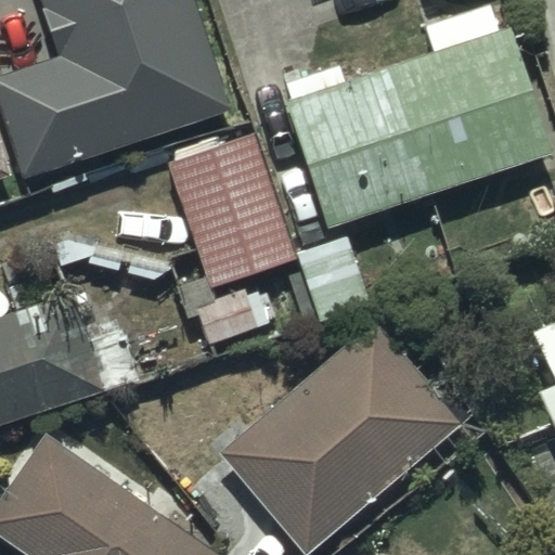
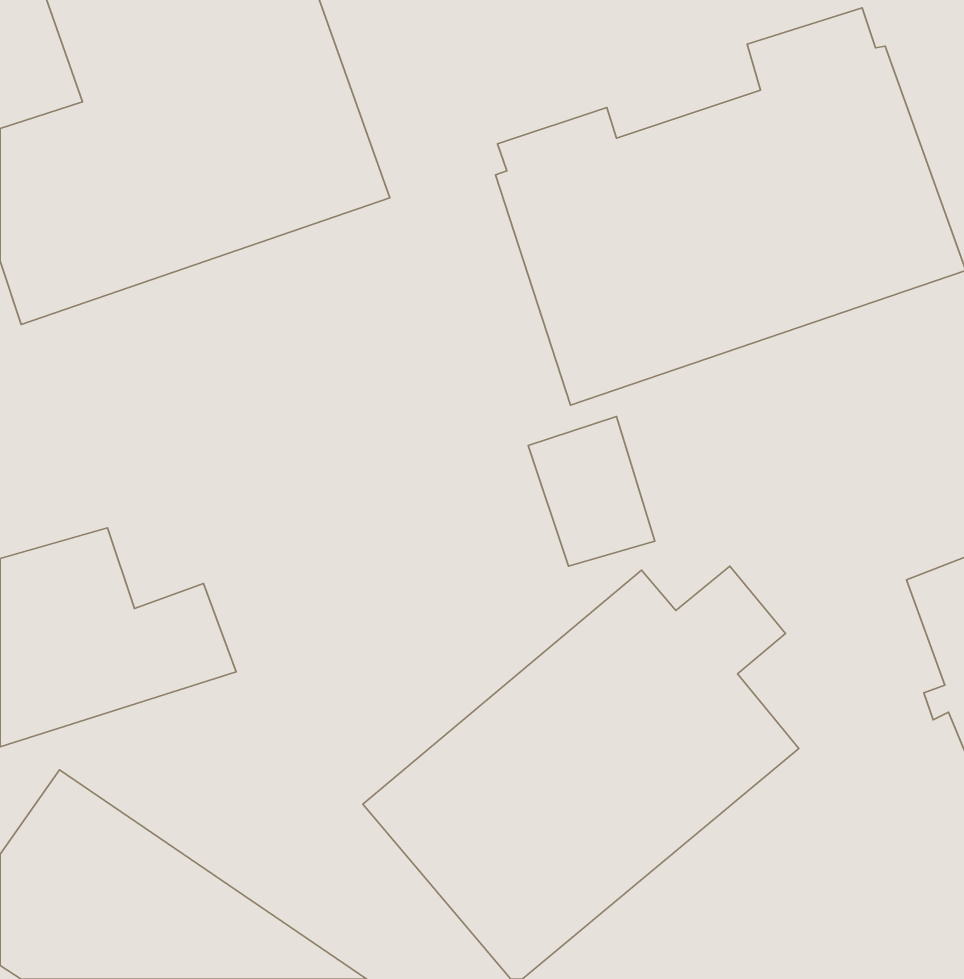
building: [166,132,295,345] -> none

